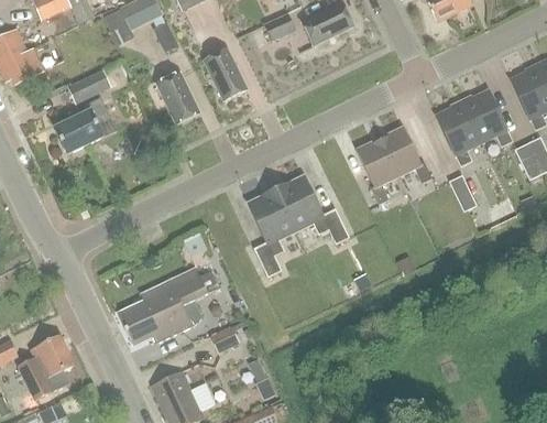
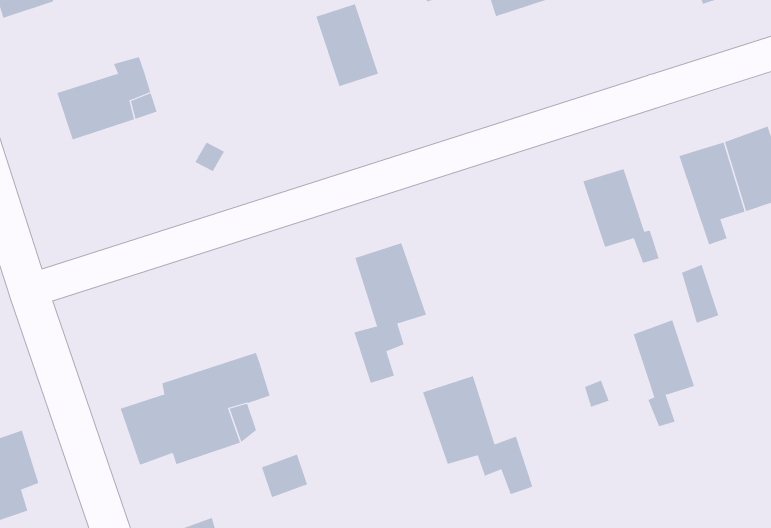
building: [65,67,110,102] -> none
building: [157,70,199,122] -> none
building: [357,137,398,203] -> [633,320,695,427]
building: [275,174,350,243] -> [422,375,533,495]

